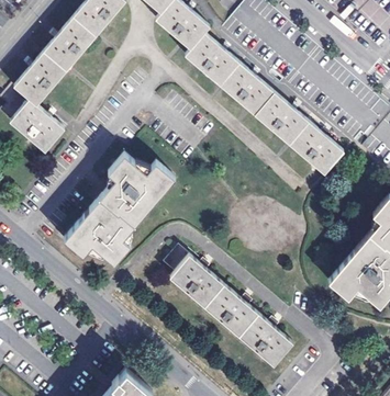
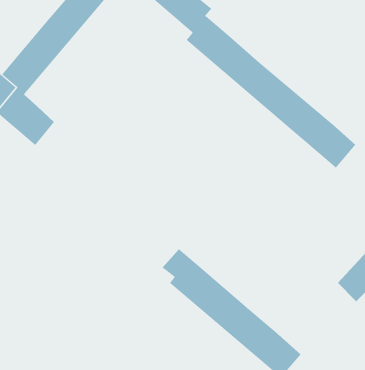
building: [65,151,175,262] -> none

